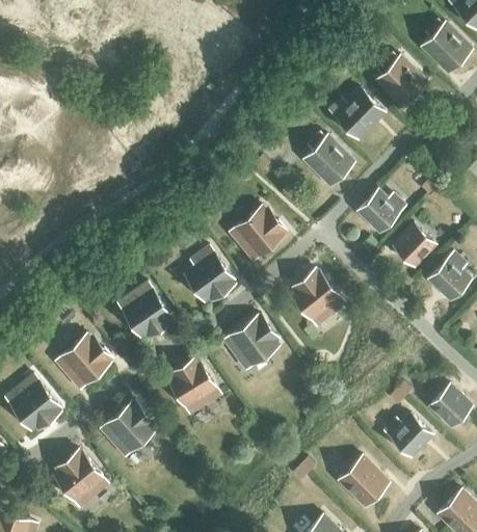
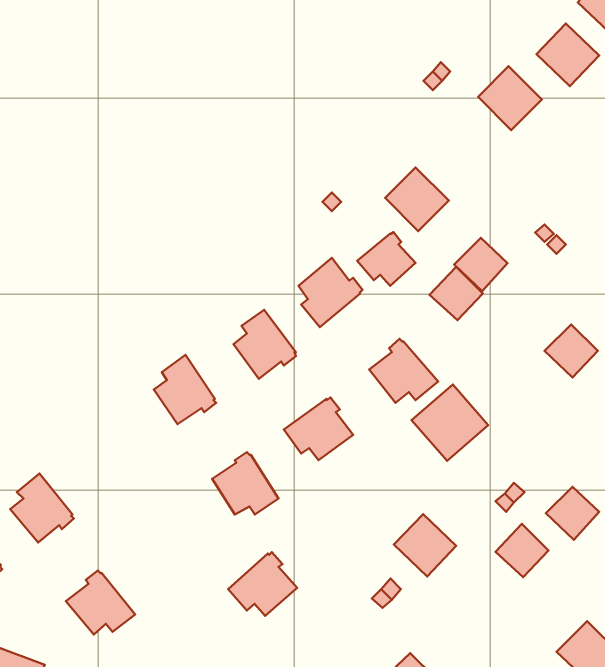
building: [335,89,385,139] -> none
building: none -> [357,232,416,286]
building: [393,224,434,266] -> [430,267,483,320]
building: none -> [412,384,488,461]
building: [61,335,112,389] -> none
building: [101,401,155,451] -> [228,552,297,616]
building: [339,457,388,506] -> [394,514,456,577]

